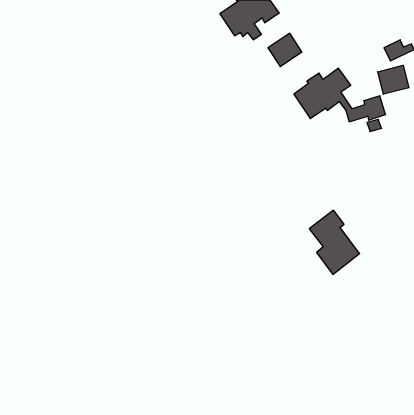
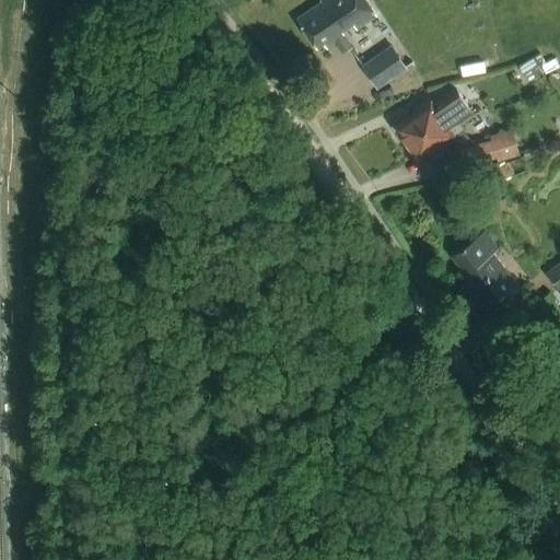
building: [378,65,409,94] -> none
building: [309,210,360,274] -> [452,231,520,317]

